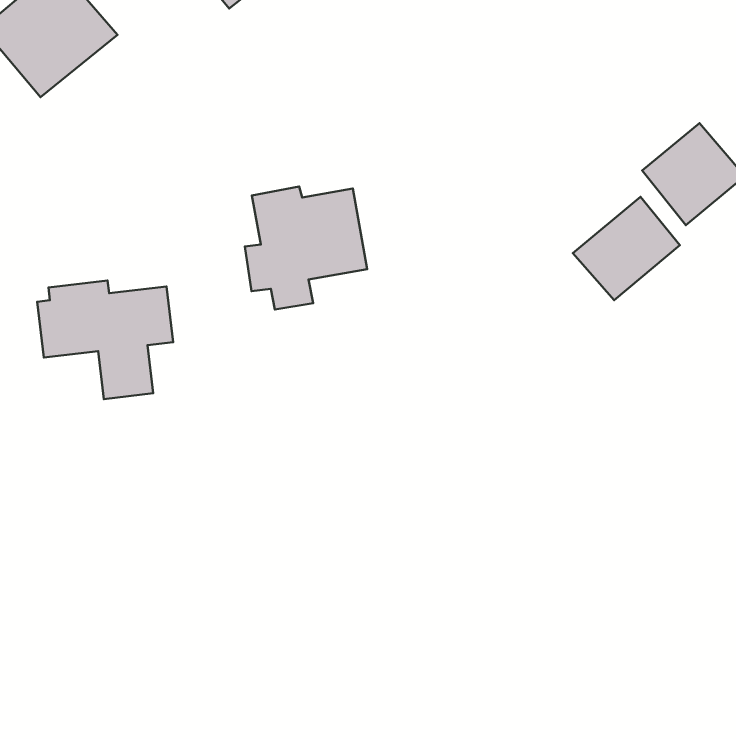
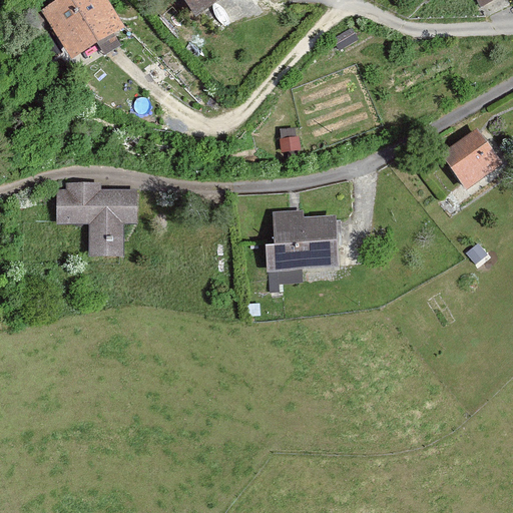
building: [245,187,367,309] -> [265,208,339,283]
building: [573,197,680,300] -> none

